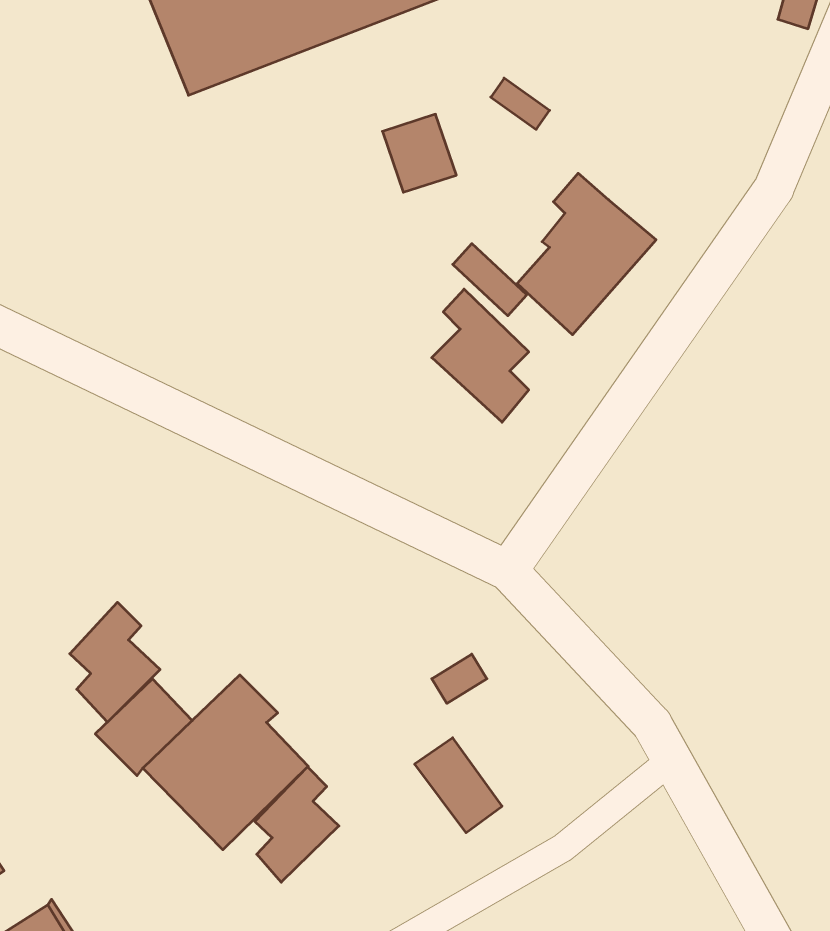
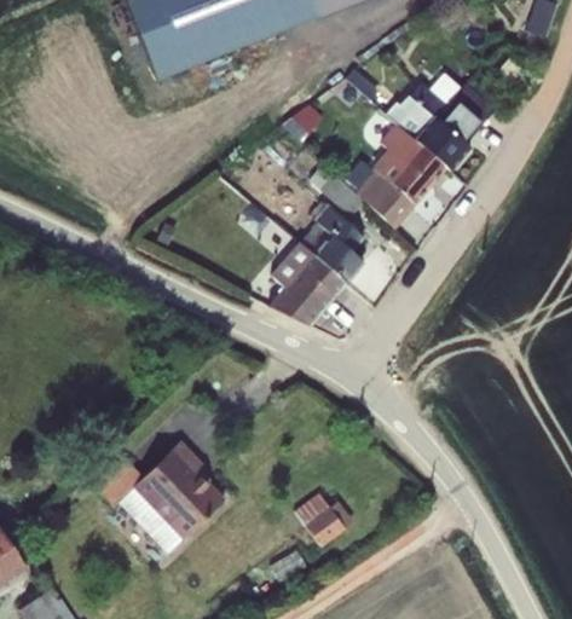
building: none -> [398,86,479,170]
building: none -> [270,242,347,324]
building: [70,602,160,722] -> none
building: [255,767,339,882] -> none

